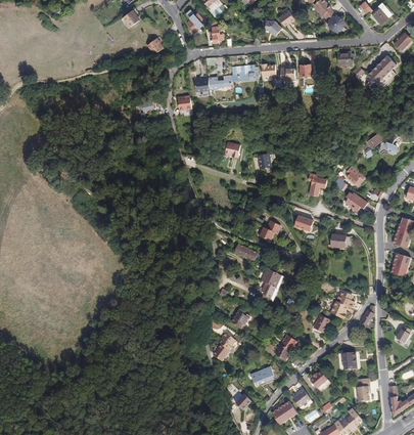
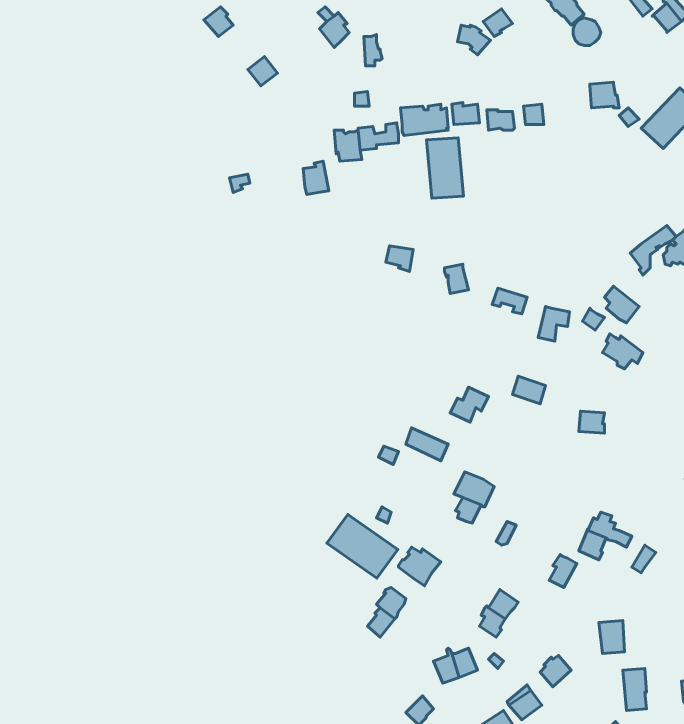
building: none -> [427,138,464,198]
building: none -> [327,515,398,578]

